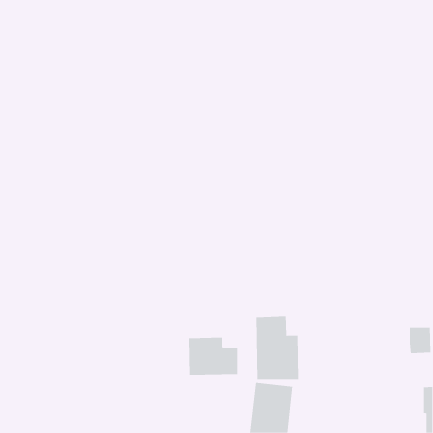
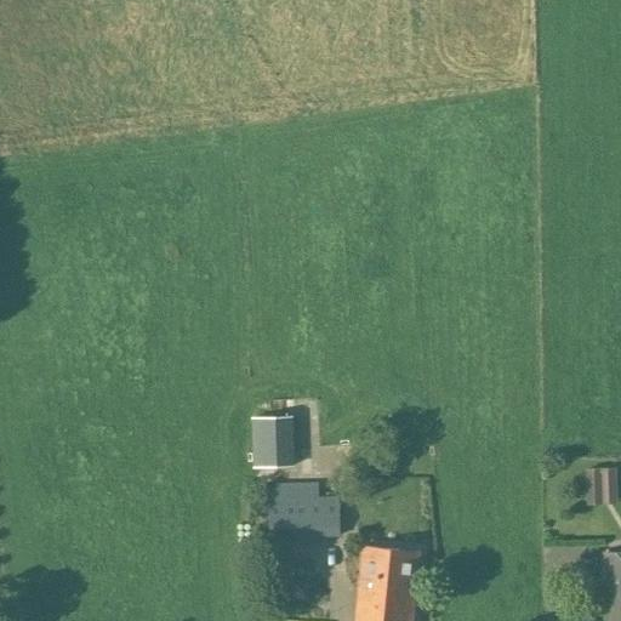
building: none -> [251,418,295,468]
building: [256,316,299,380] -> none

